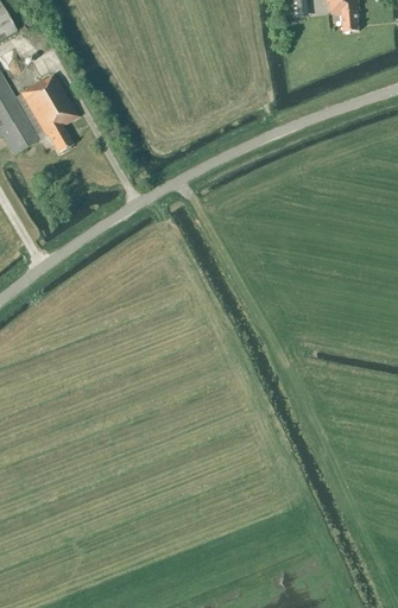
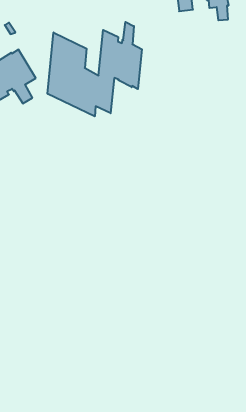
building: none -> [48,22,142,116]

